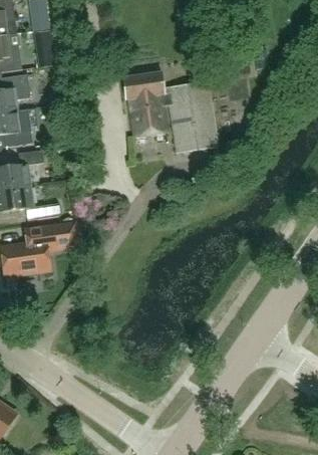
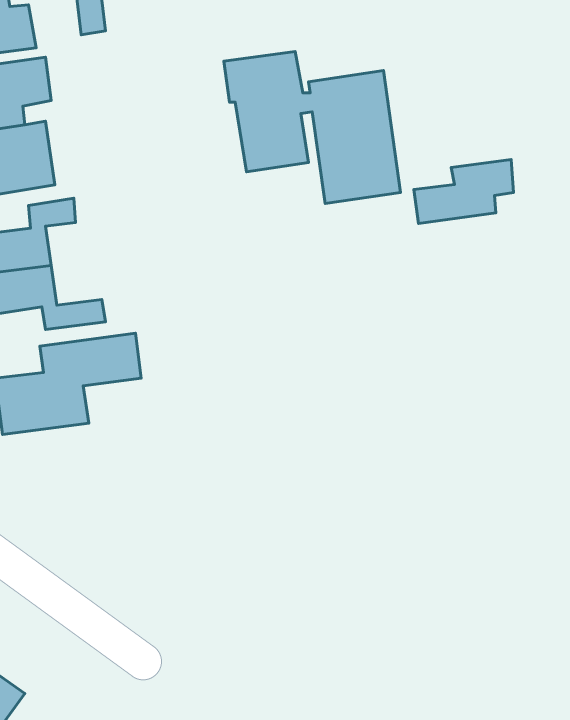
building: none -> [414,160,514,223]

